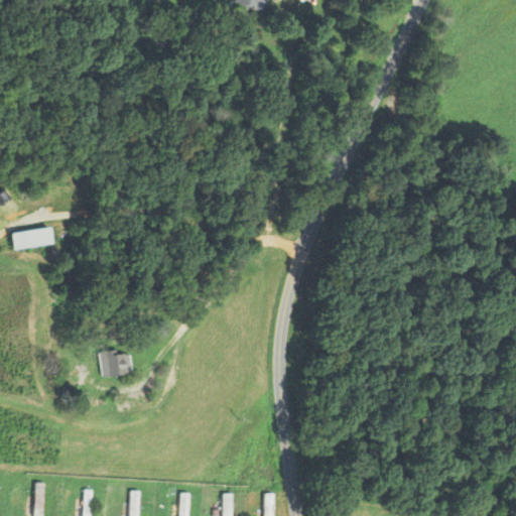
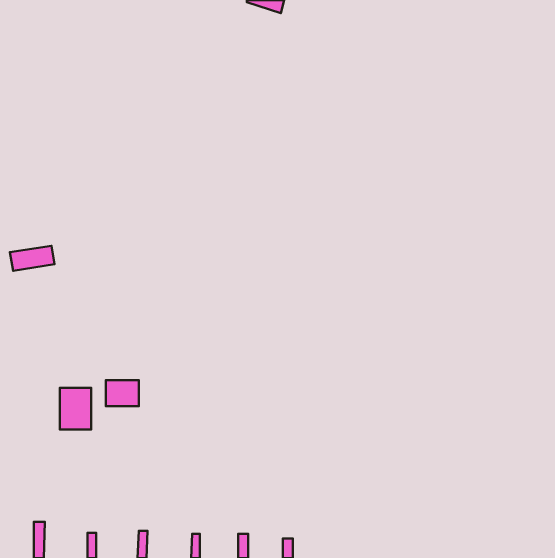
building: none -> [60,388,91,429]

